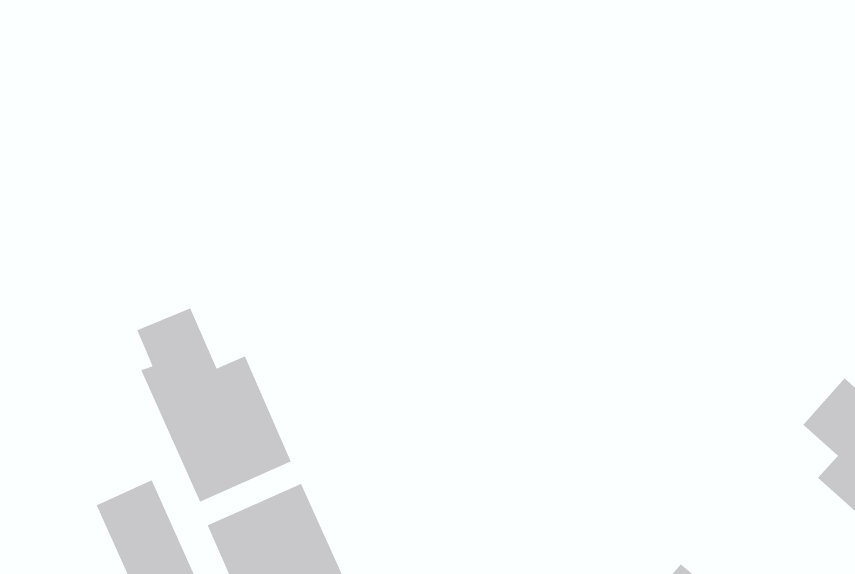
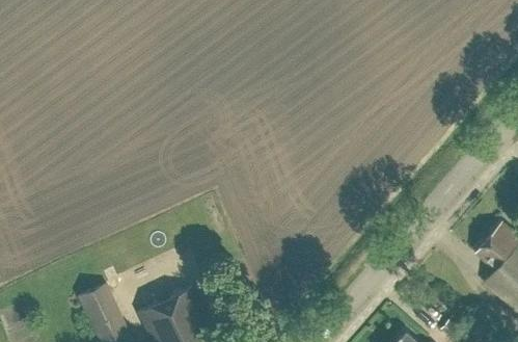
building: [137,307,291,503] -> none

